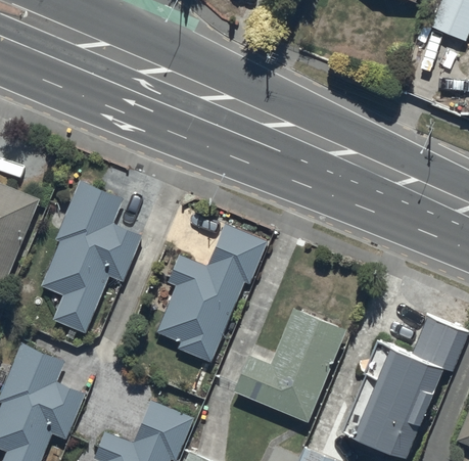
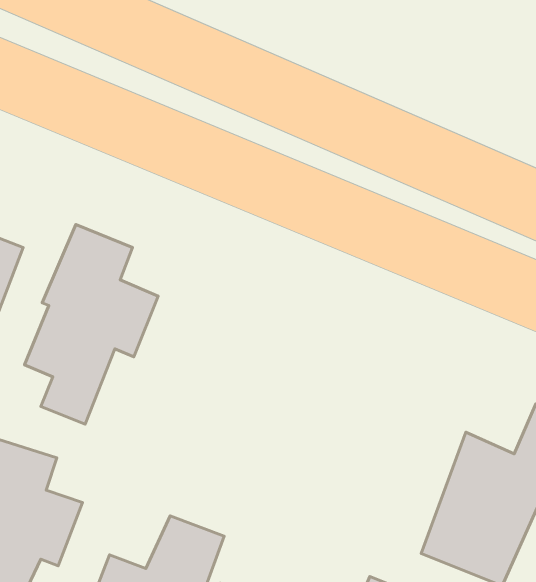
building: [157,226,268,363] -> none
building: [232,309,344,422] -> none

